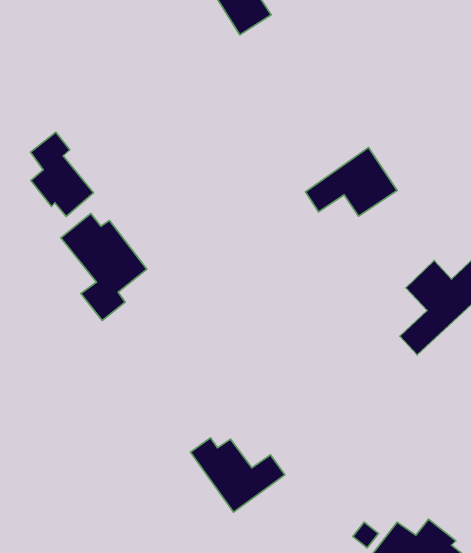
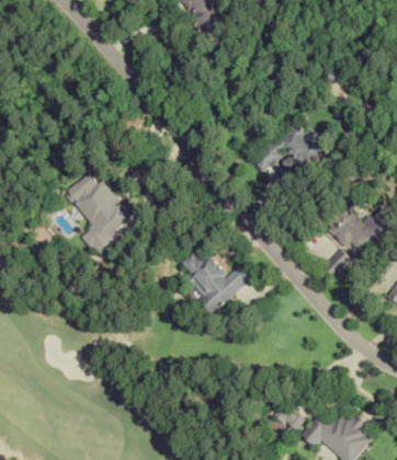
building: [31,132,94,216] -> none
building: [190,438,285,512] -> [178,253,250,310]

